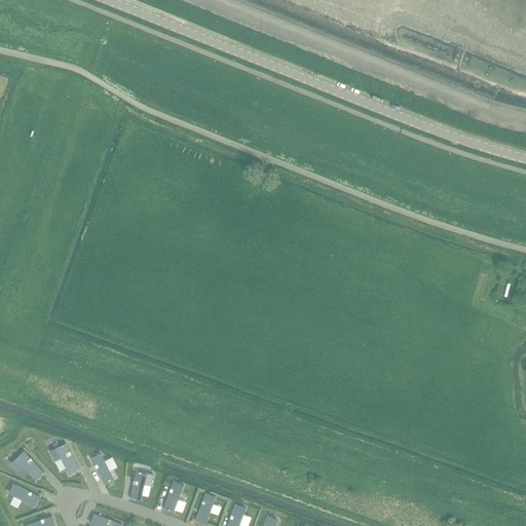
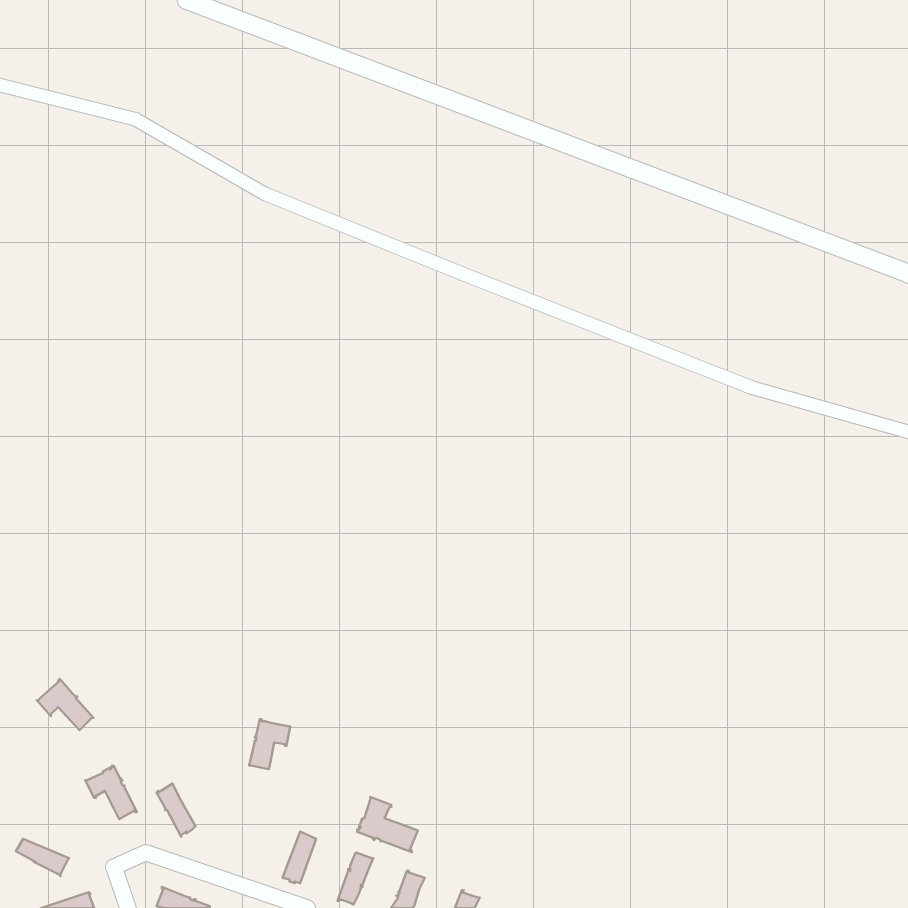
building: [12,452,45,482] -> [37,679,94,730]
building: none -> [357,797,418,852]
building: [129,471,153,499] -> [249,719,290,769]

